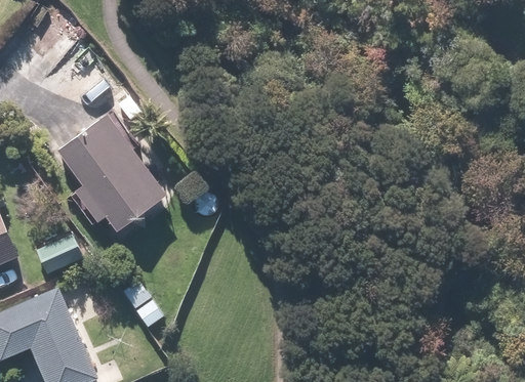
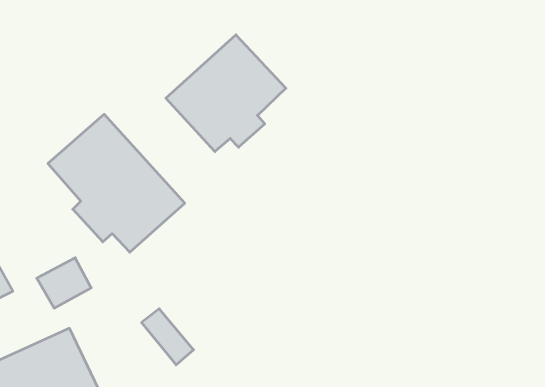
building: none -> [166,35,286,152]

